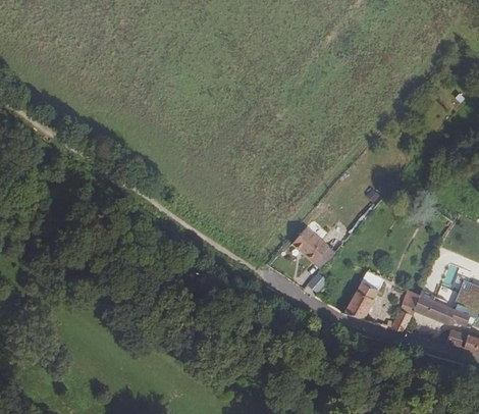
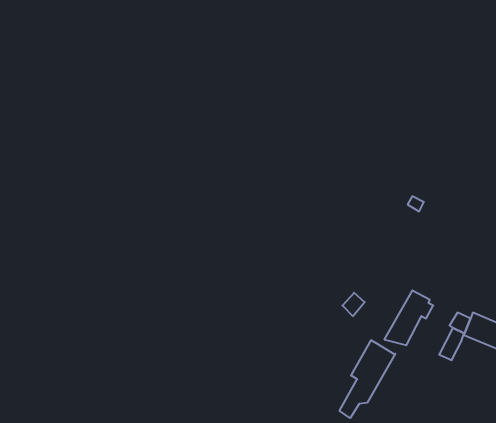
building: [295,228,330,263] -> none
building: none -> [340,340,395,418]

